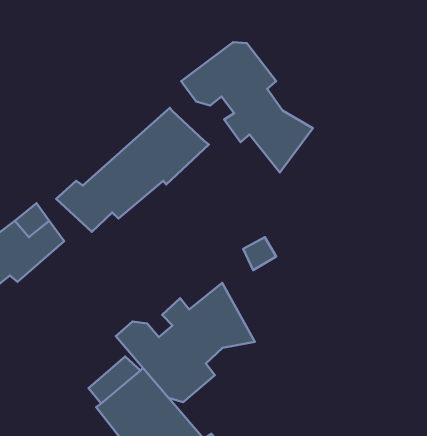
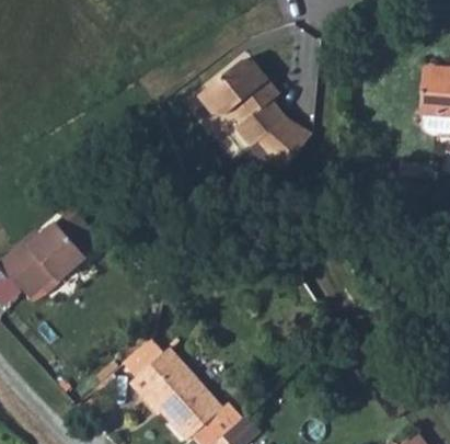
building: [56,108,209,232] -> none
building: [116,283,255,402] -> none

